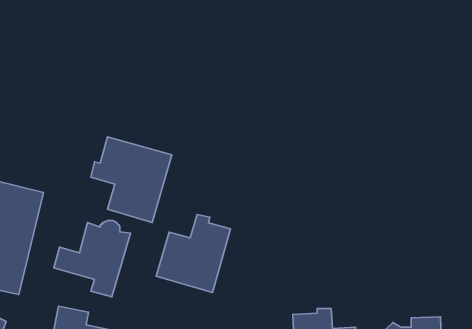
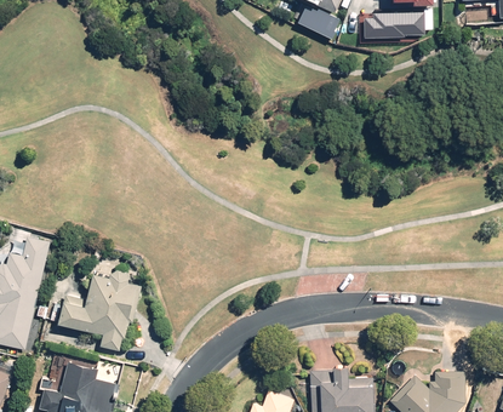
building: [91,137,172,223] -> none
building: [156,215,230,292] -> none

